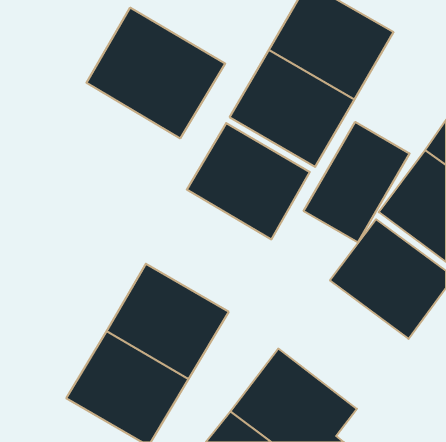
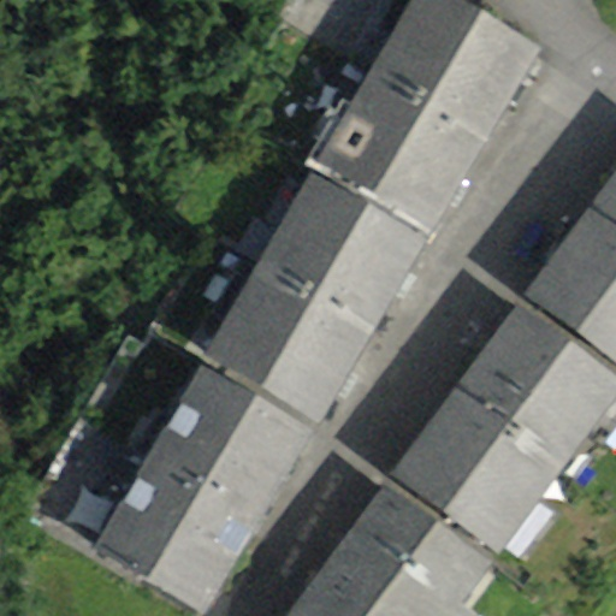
building: [86,8,225,138] -> none
building: [304,122,410,242] -> none
building: none -> [203,261,374,421]
building: none -> [391,386,563,552]

